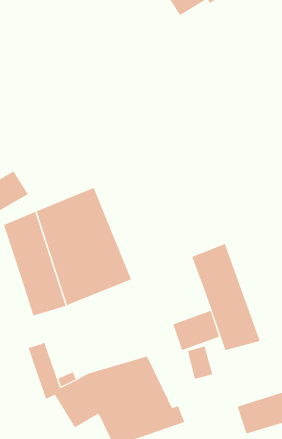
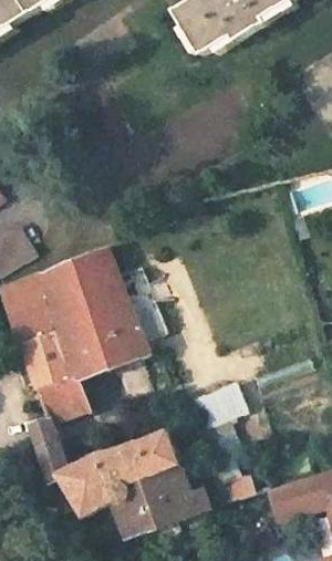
building: [192,243,260,351] -> none
building: none -> [38,377,91,422]

